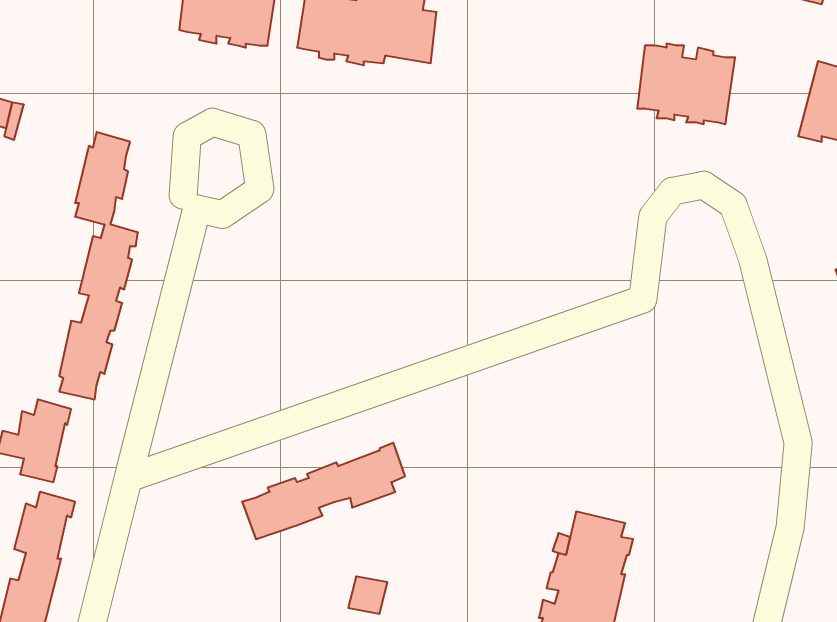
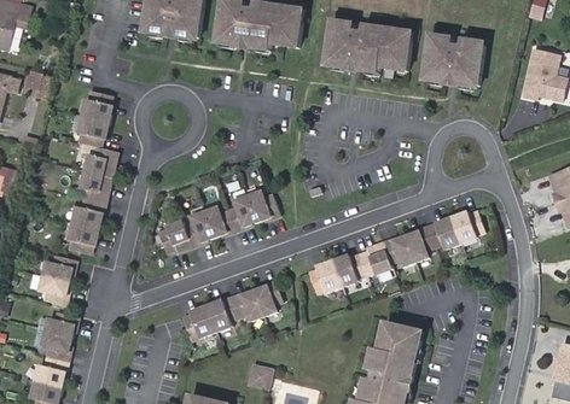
building: none -> [325,21,411,70]
building: none -> [158,192,279,252]
building: none -> [307,211,484,292]

